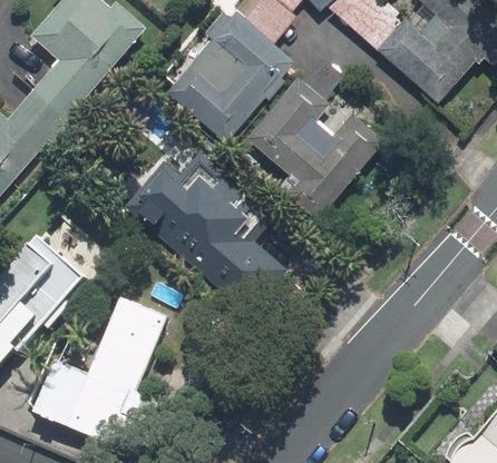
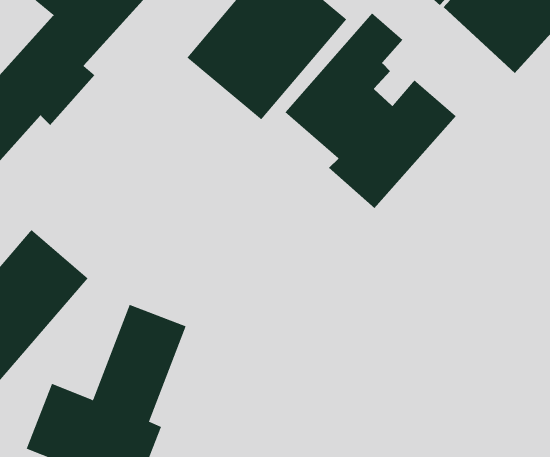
building: [120,150,282,313] -> none

